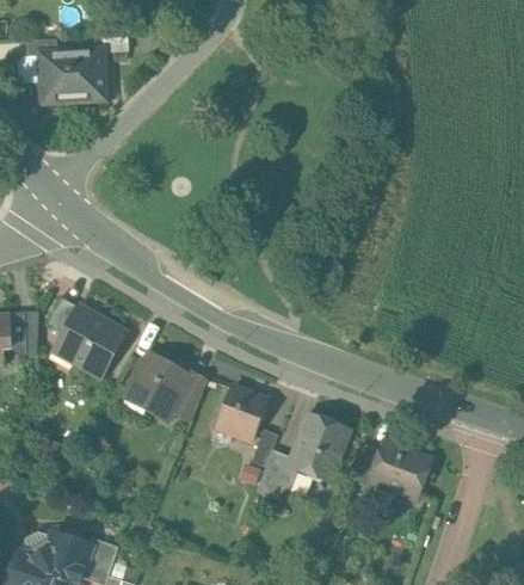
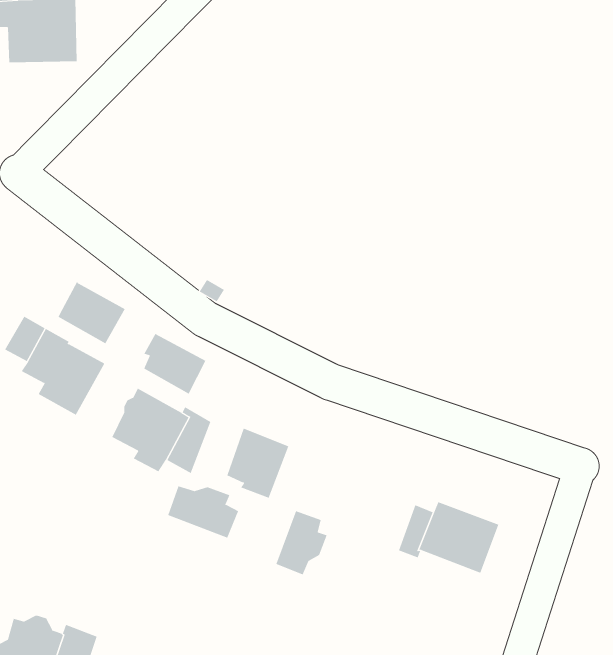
building: none -> [58,281,125,344]
building: none -> [143,333,206,394]
building: [289,415,346,481] -> none
building: none -> [167,485,239,538]

